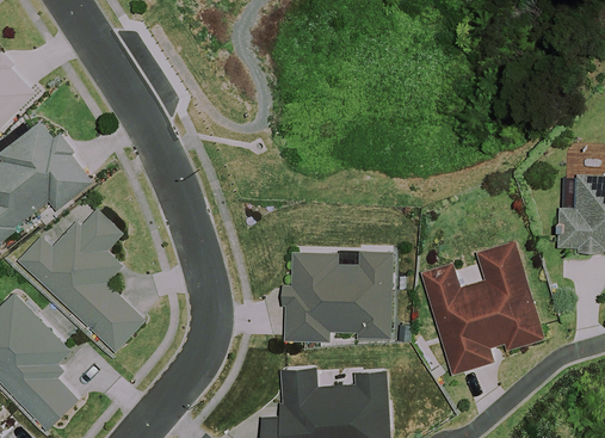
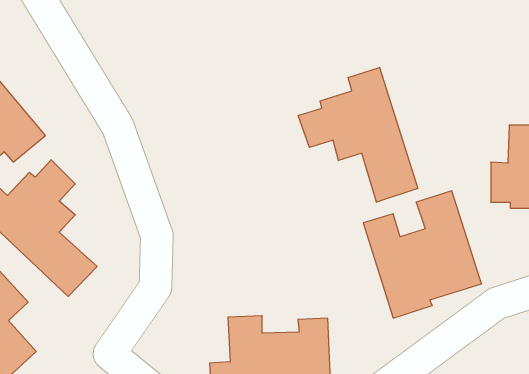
building: none -> [298,67,418,202]
building: [283,251,393,344] -> none

